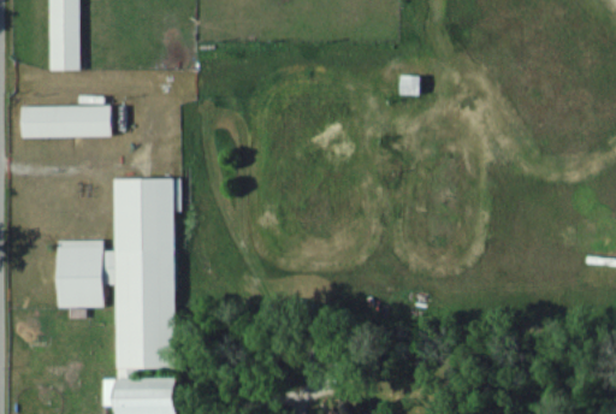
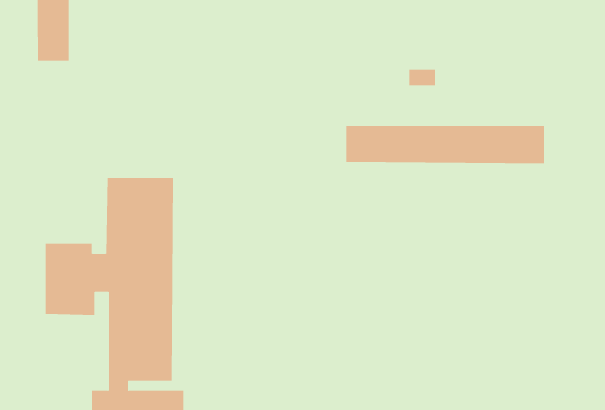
building: [20,107,113,137] -> none
building: none -> [346,125,544,164]

